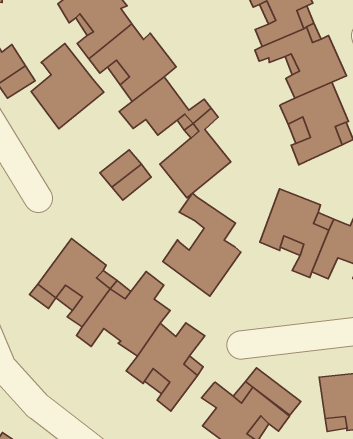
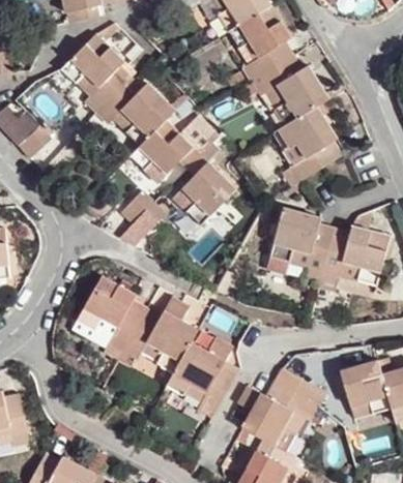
building: [31,43,104,129] -> none
building: [163,193,241,296] -> none

